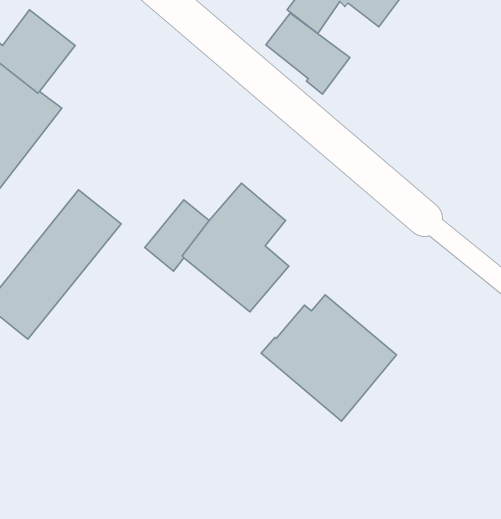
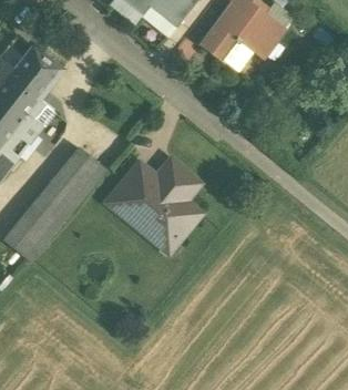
building: [266,13,350,94] -> none
building: none -> [64,146,106,186]
building: [261,295,397,421] -> none

